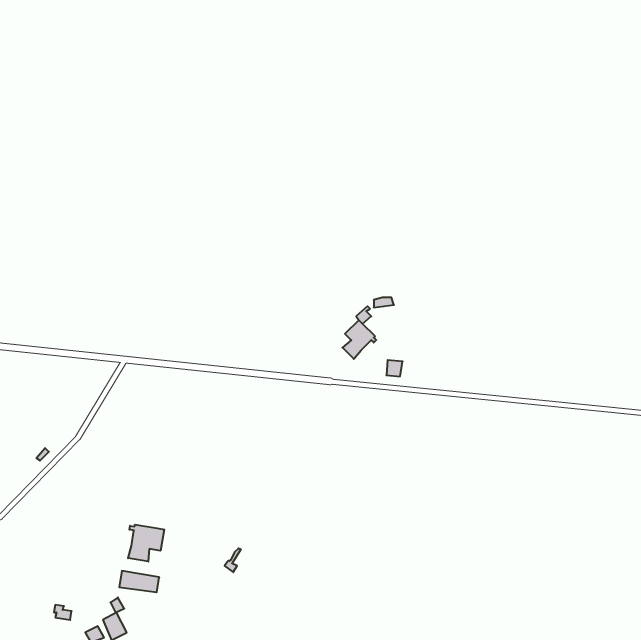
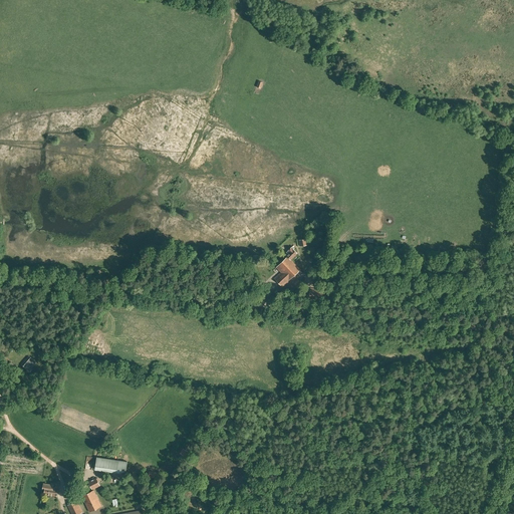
building: [128,525,164,562] -> none

